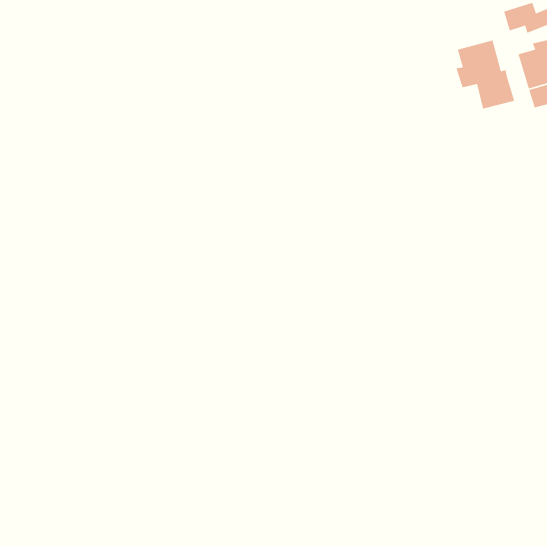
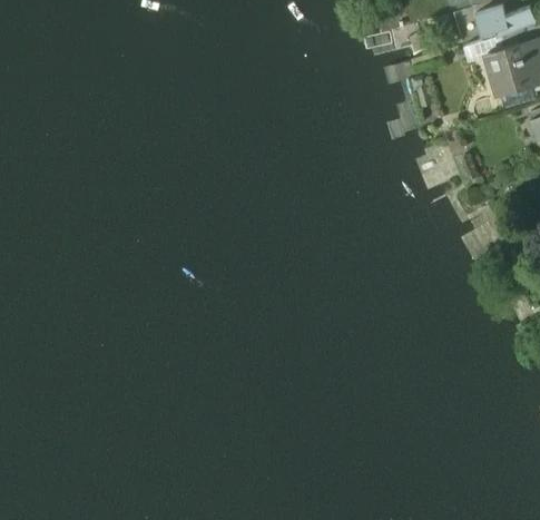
building: [456,40,515,110] -> none

